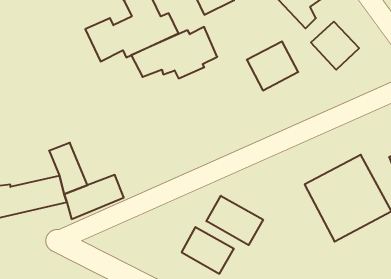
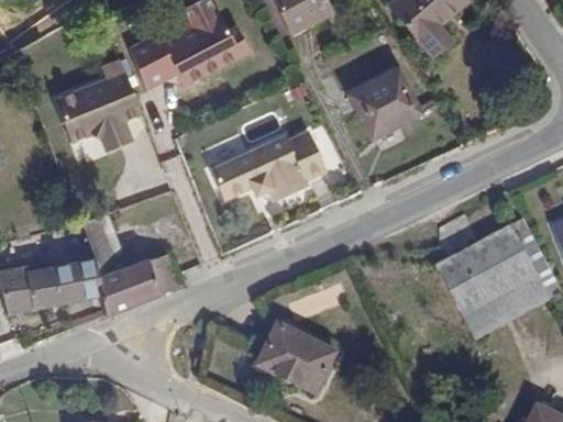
building: [311,22,359,70] -> none
building: [131,27,217,78] -> [208,125,325,196]
building: none -> [55,57,142,148]
building: [206,196,263,245] -> none

